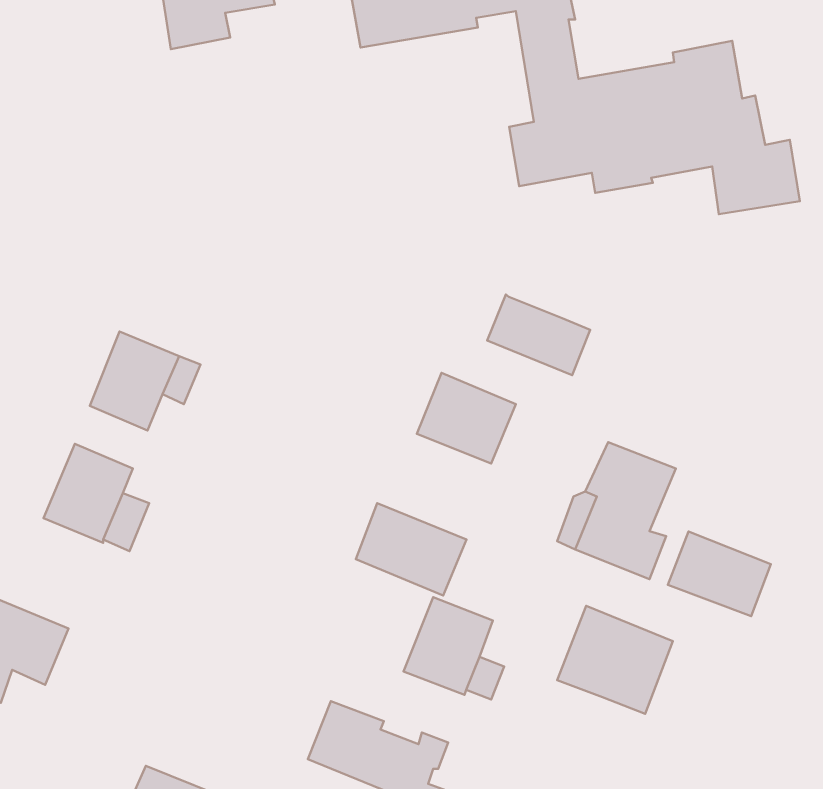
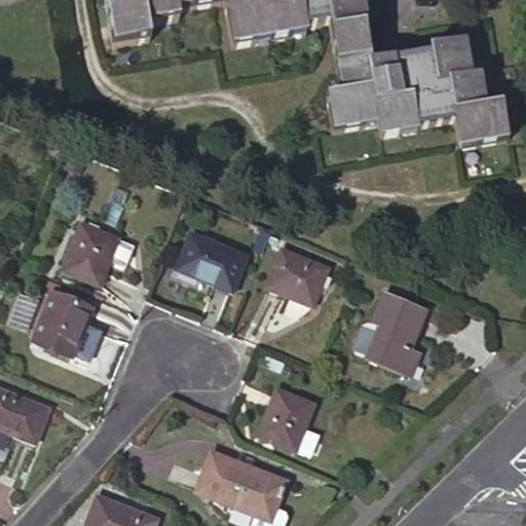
building: [487,295,590,375] -> none
building: [356,503,466,596] -> [179,231,248,289]
building: [668,532,771,616] -> none
building: [557,606,673,714] -> none

